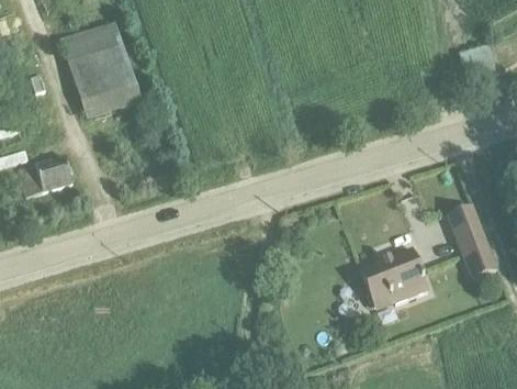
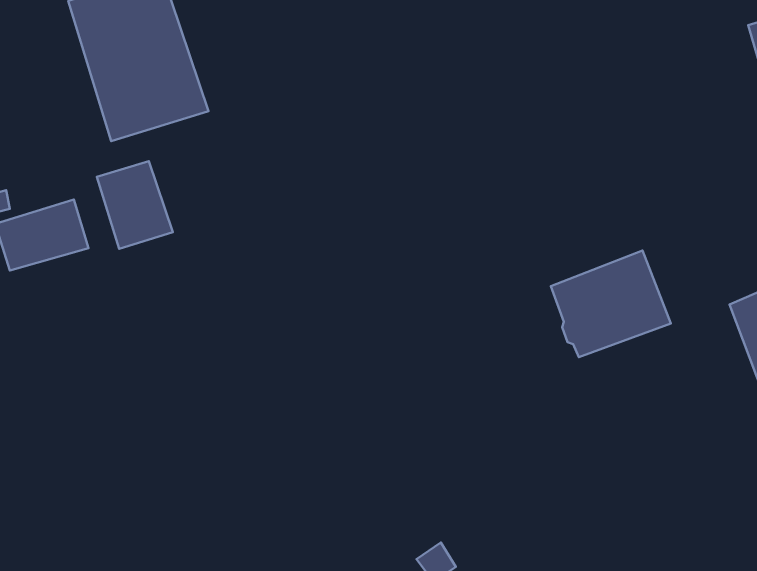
building: none -> [97,161,173,249]
building: [359,248,429,311] -> [551,250,671,357]

